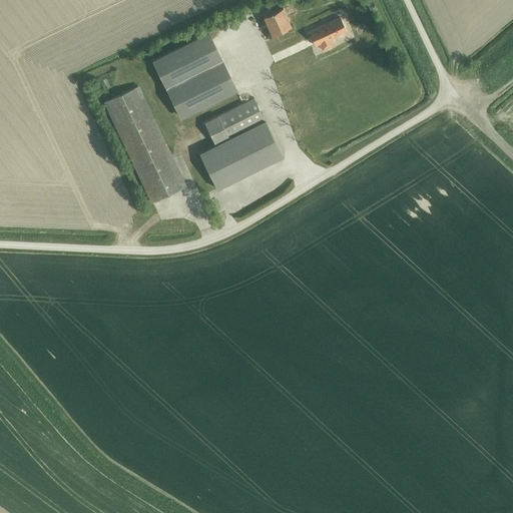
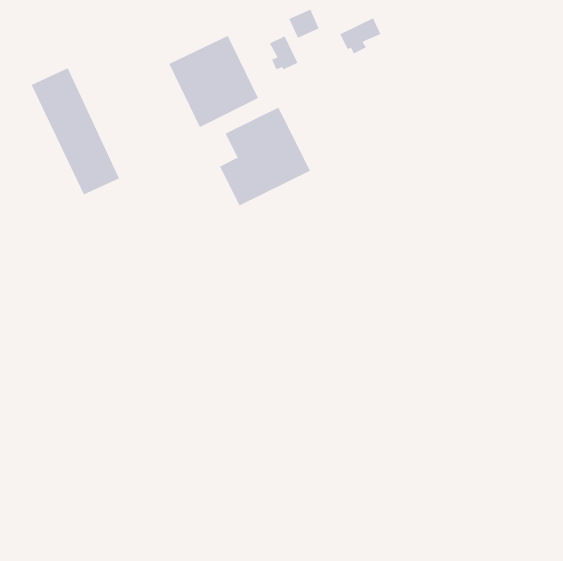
building: none -> [269,35,298,70]
building: [104,87,185,203] -> [31,67,120,195]

